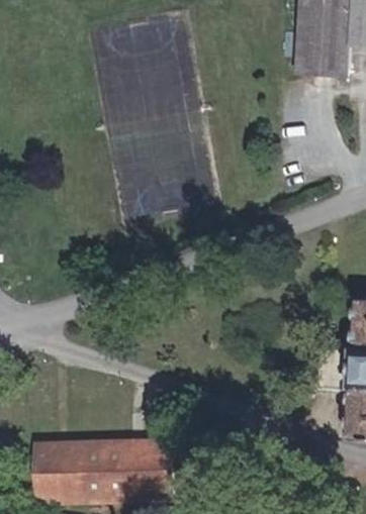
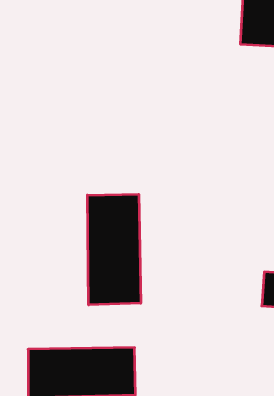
building: none -> [87,194,141,305]

